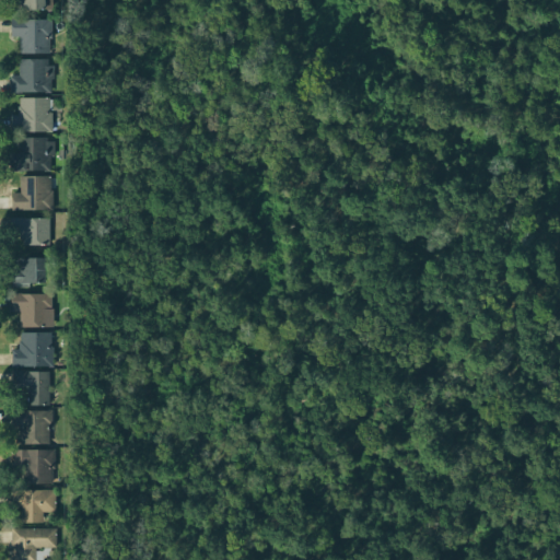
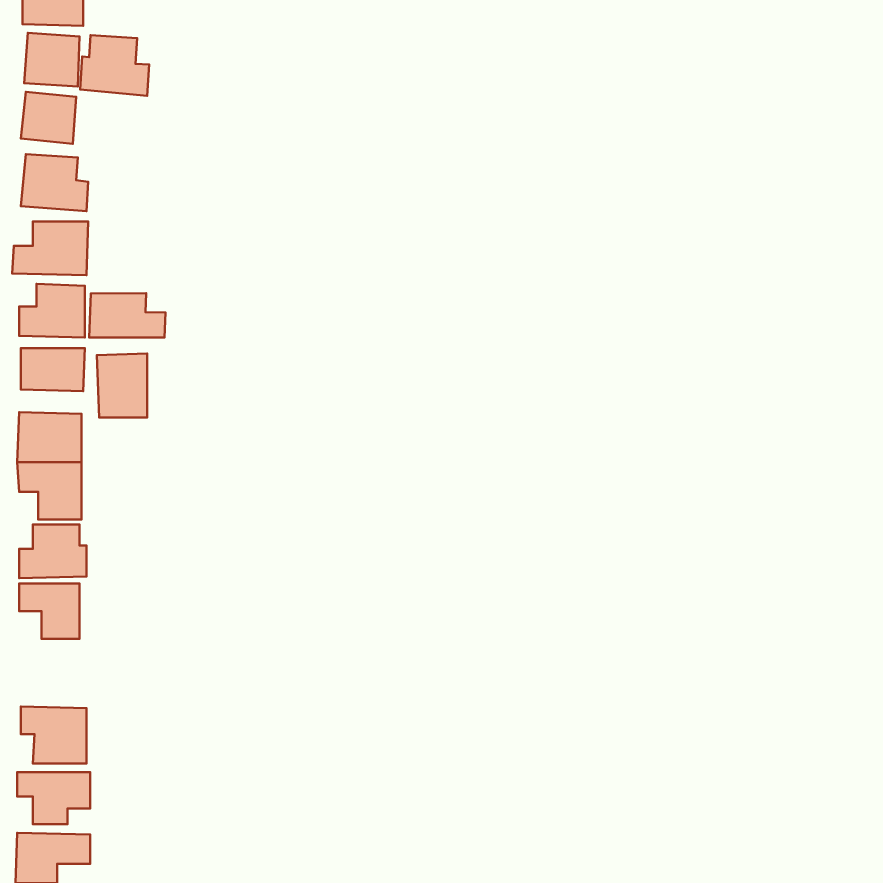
building: none -> [80,35,149,96]
building: none -> [89,293,165,338]
building: none -> [97,354,147,418]
building: [14,407,54,443] -> none

